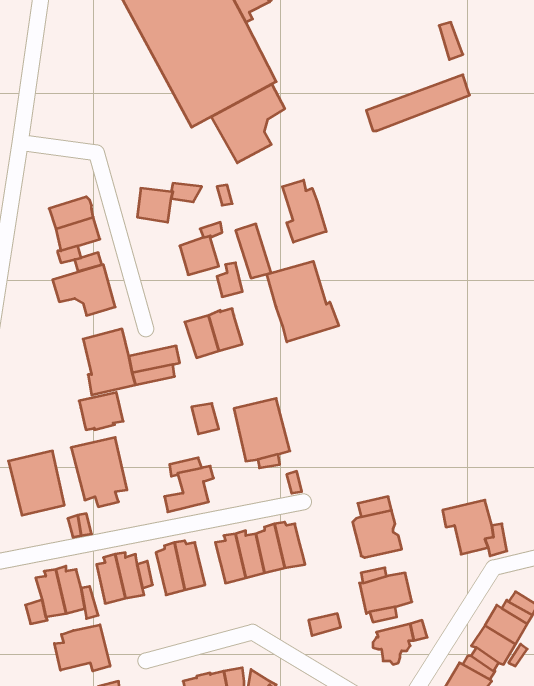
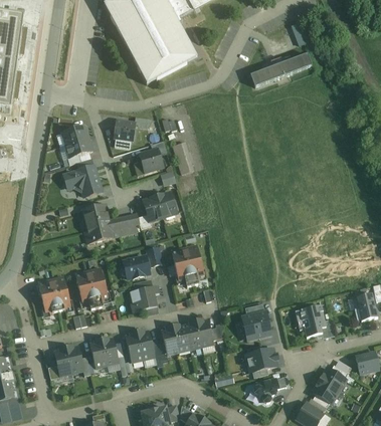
building: [211,84,285,163] -> none
building: [282,180,326,242] -> none
building: [267,261,339,342] -> none
building: [79,392,123,430] -> [124,256,150,278]
building: [54,625,110,671] -> none

